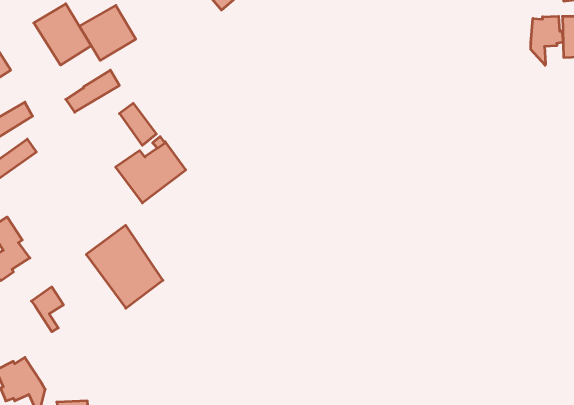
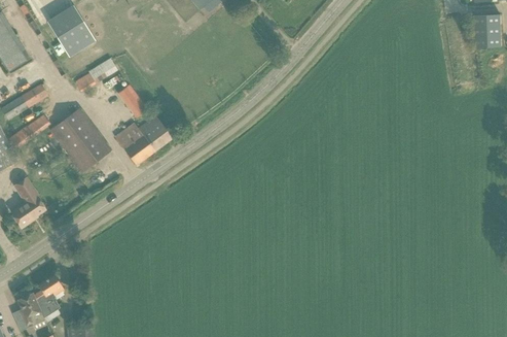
building: [79,5,136,60] -> none
building: [531,16,563,65] -> none
building: [86,225,163,308] -> [49,106,111,173]
building: [31,287,63,332] -> [38,275,64,311]

